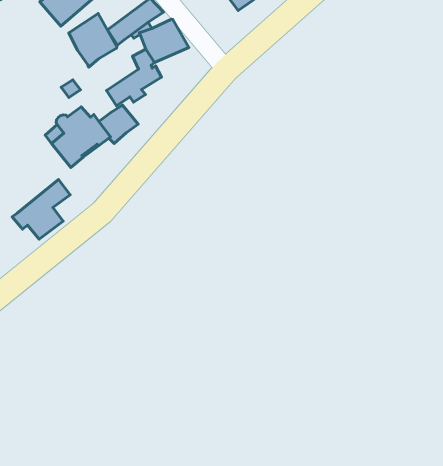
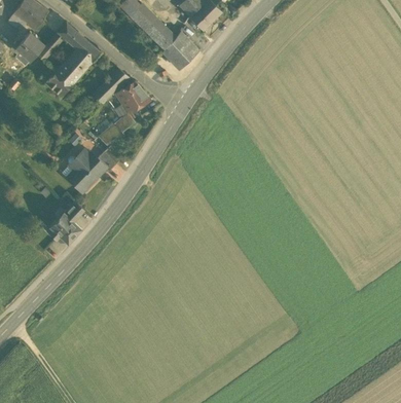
building: [69,13,117,67] -> none

